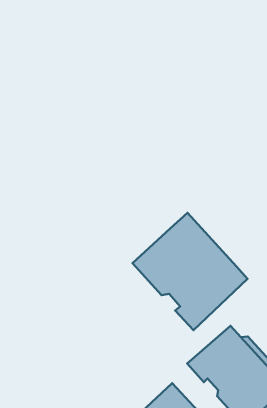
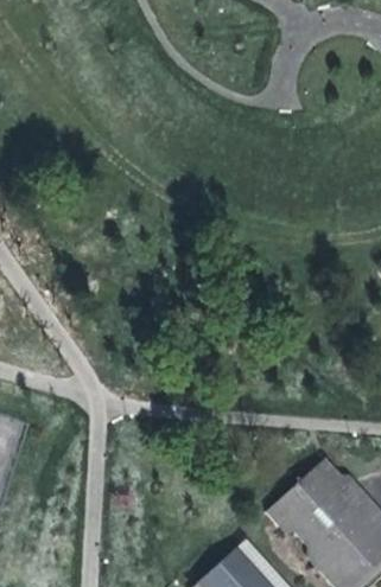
building: [132,213,248,330] -> none

